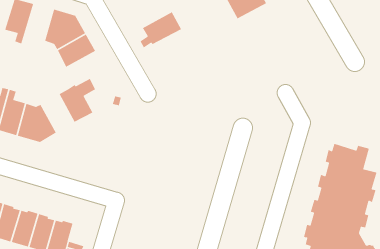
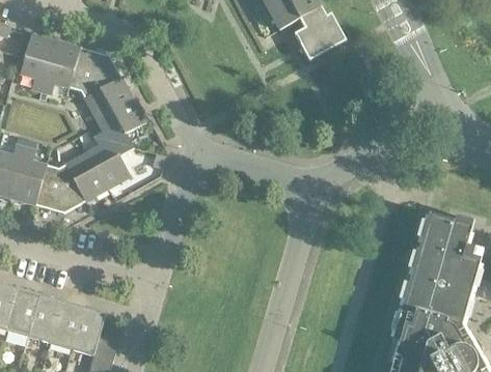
building: none -> [40,40,80,94]
building: [139,11,182,49] -> [92,99,145,146]
building: none -> [64,152,106,203]

